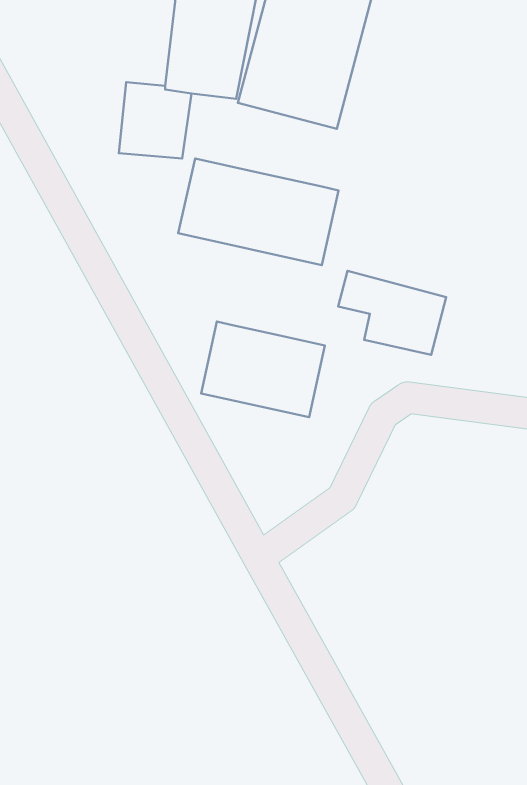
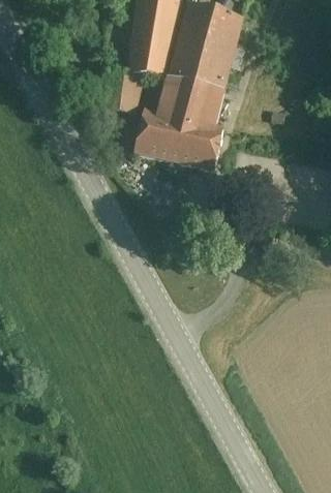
building: [338,271,446,355] -> [162,76,222,123]
building: [201,322,325,417] -> none

